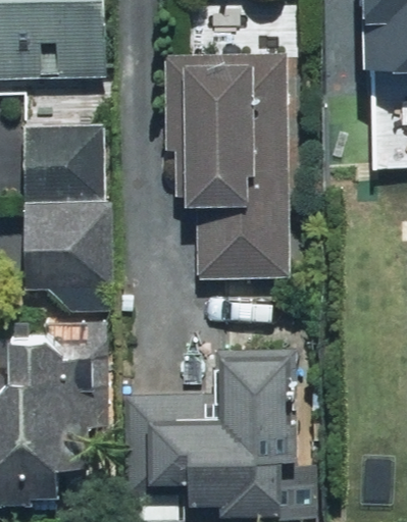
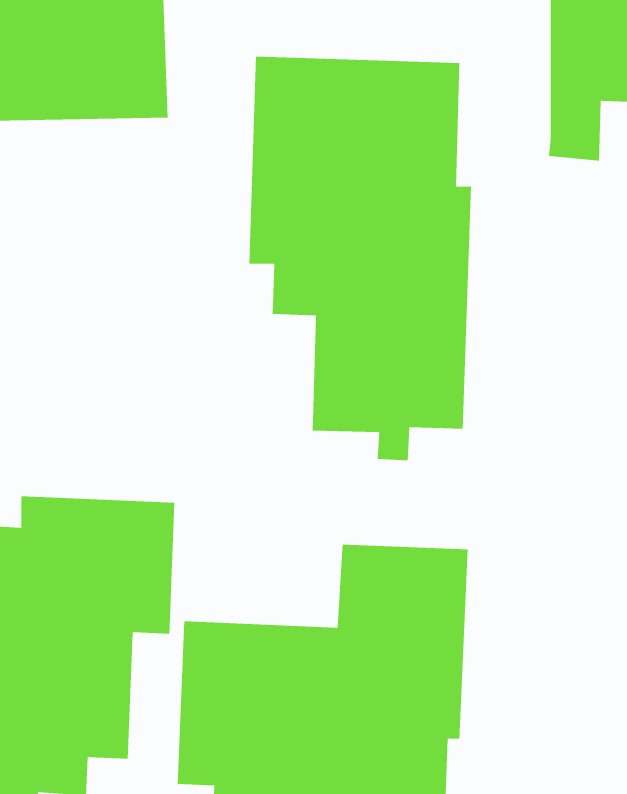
building: [17,122,111,286] -> none

